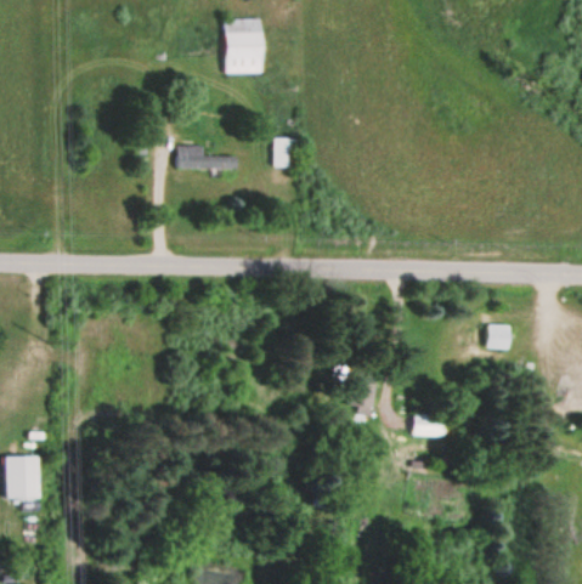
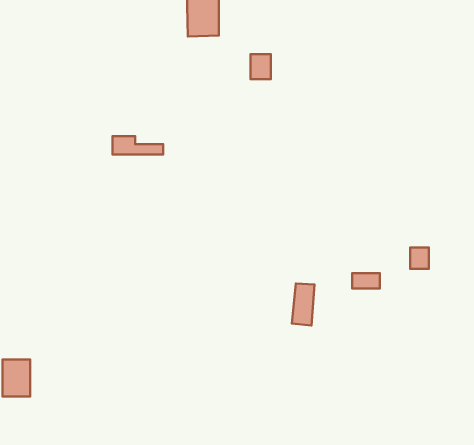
building: [272,138,296,168] -> [250,54,271,79]
building: [175,147,235,169] -> [113,136,163,155]
building: [412,419,445,437] -> [352,273,380,288]

